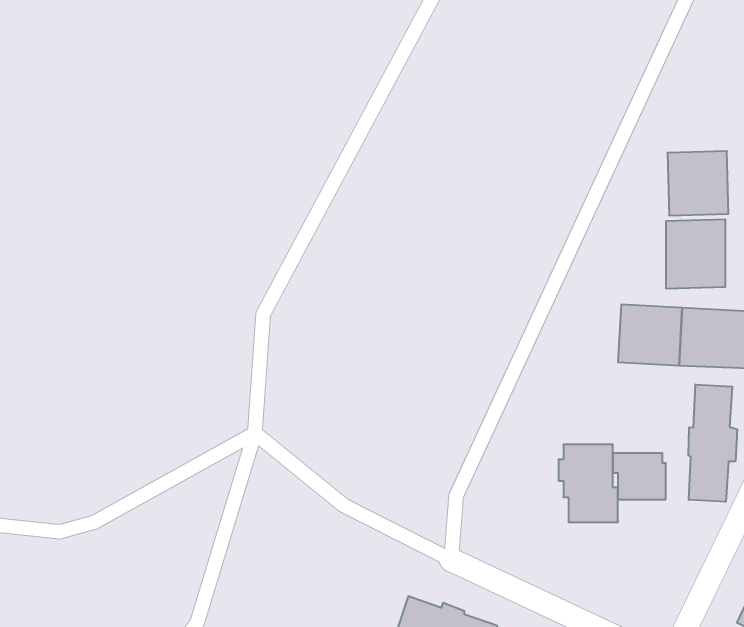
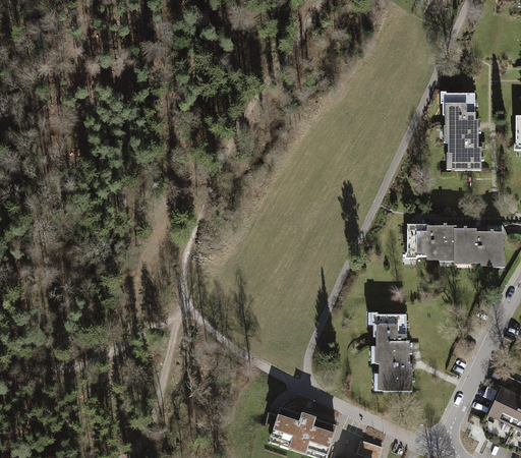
building: [666,219,725,289] -> [441,90,477,132]
building: [688,384,737,502] -> none
building: [613,453,666,499] -> [380,360,412,389]

